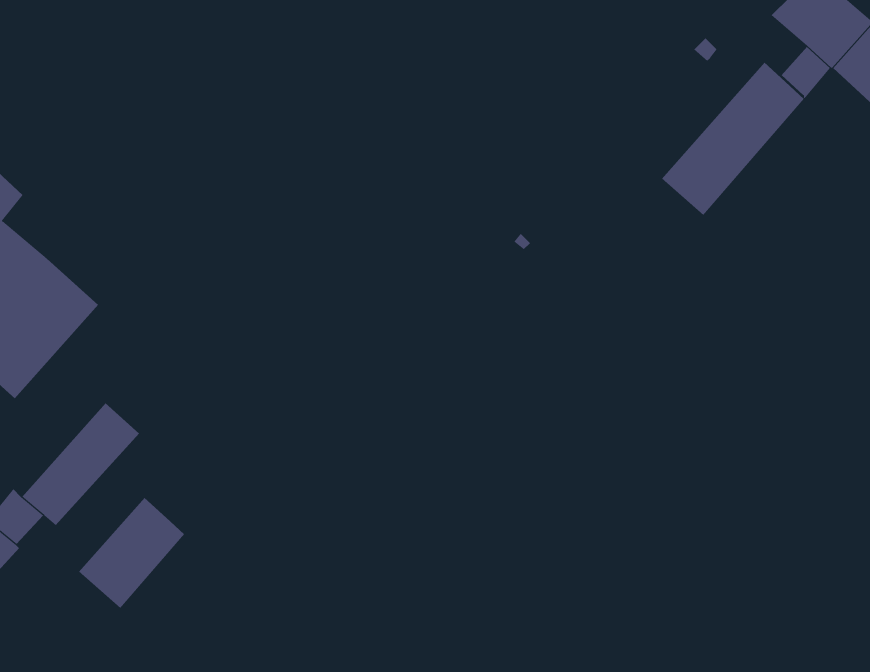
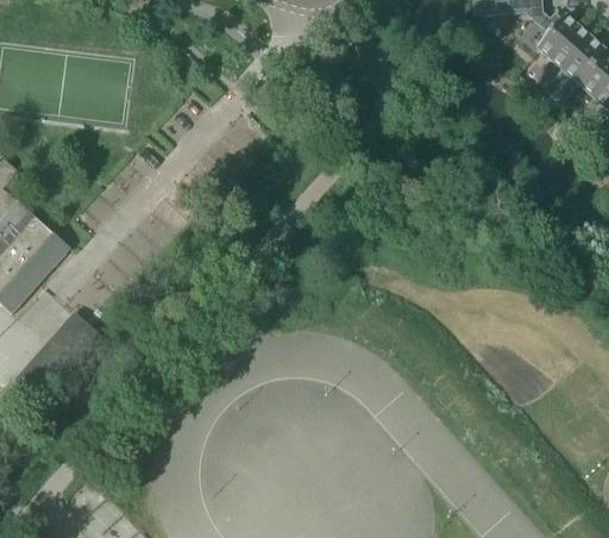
building: [661,62,805,216] -> none
building: [78,497,185,609] -> none

